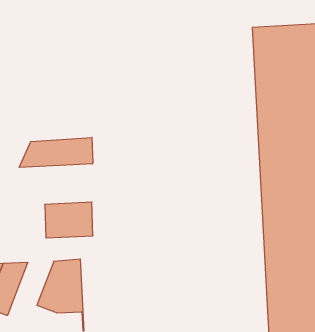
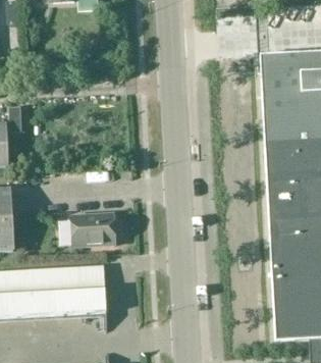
building: [19,137,93,167] -> none
building: none -> [41,267,79,315]

